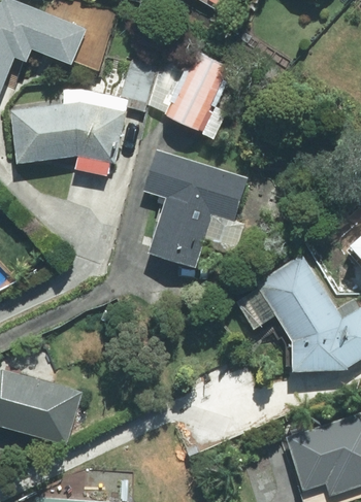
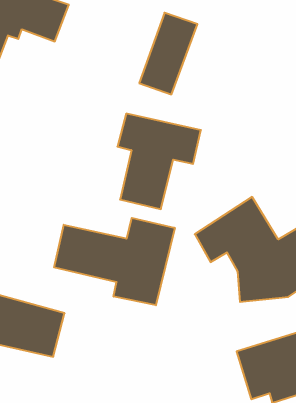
building: [11,90,128,174] -> none
building: none -> [54,218,175,305]

